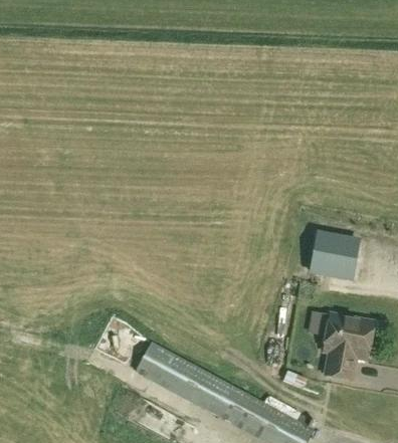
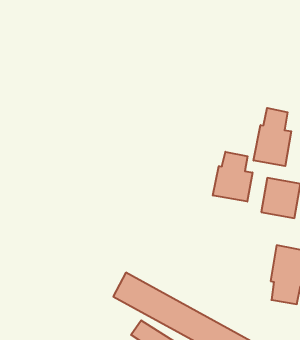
building: none -> [254,108,291,166]
building: none -> [213,152,252,202]

